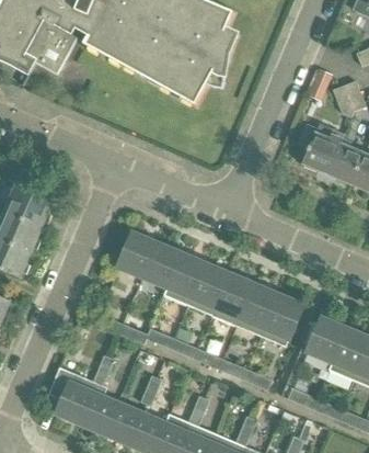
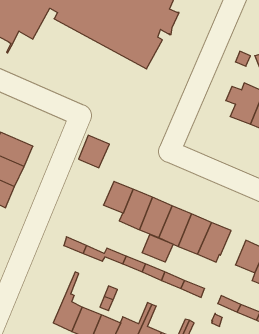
building: [118,234,157,274] -> [79,135,109,168]
building: none -> [142,235,173,262]
building: [47,355,108,421] -> none

